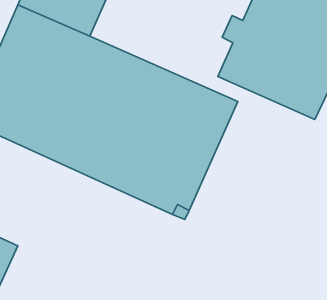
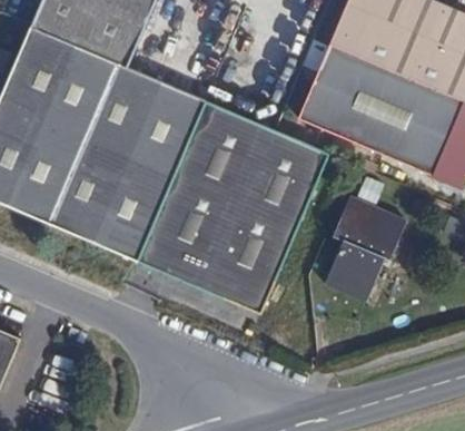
building: none -> [321,197,406,302]

